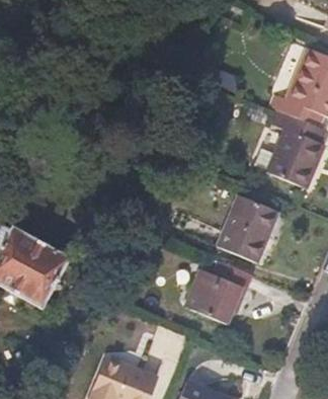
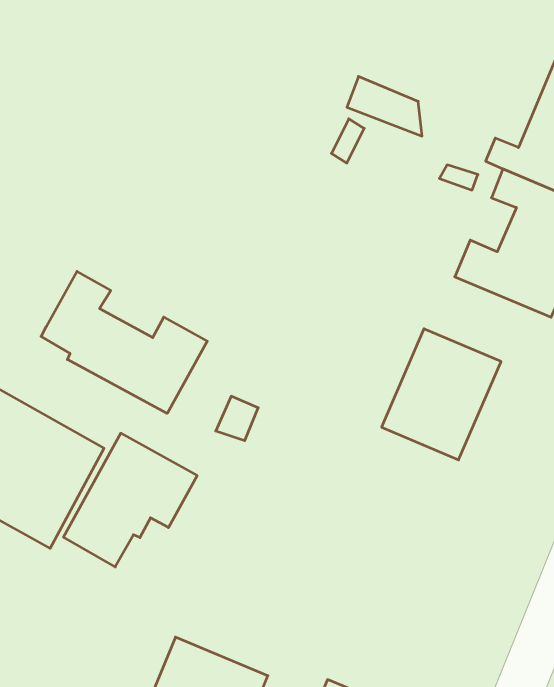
building: none -> [41,271,207,413]
building: none -> [64,433,197,567]
building: [183,261,252,324] -> none

